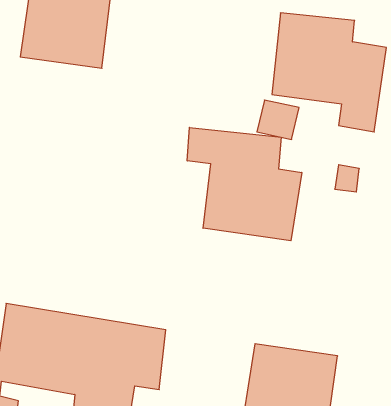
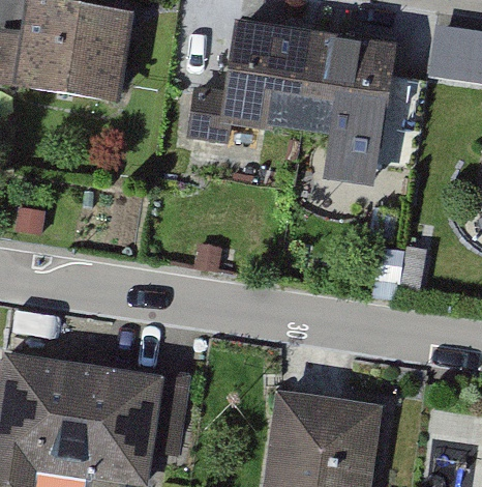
building: none -> [190,28,311,135]
building: [187,127,302,241] -> none

